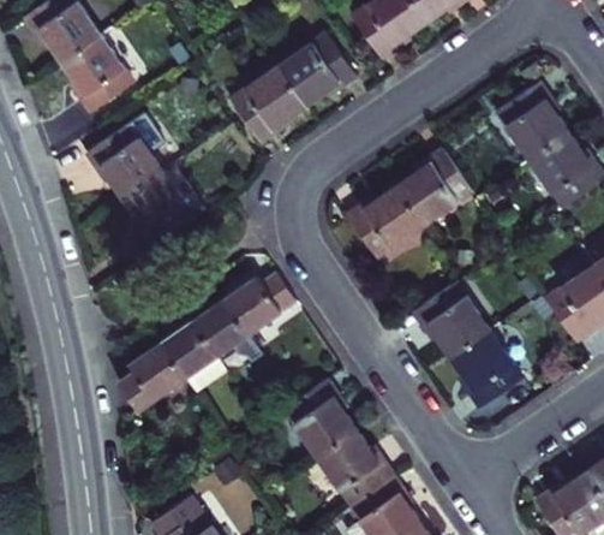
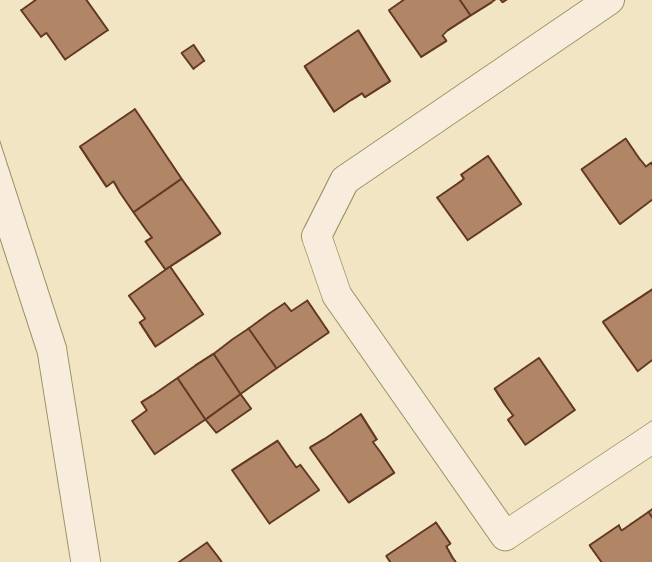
building: [64,35,133,111] -> none
building: [231,67,305,143] -> none
building: [495,82,567,160] -> none
building: [346,185,425,257] -> none
building: none -> [129,267,203,347]
building: [413,281,489,357] -> none
building: [318,433,396,507] -> [232,441,319,524]

